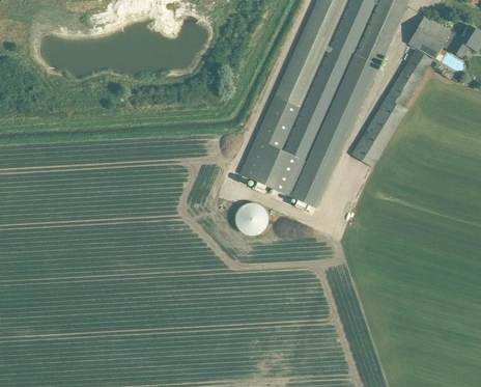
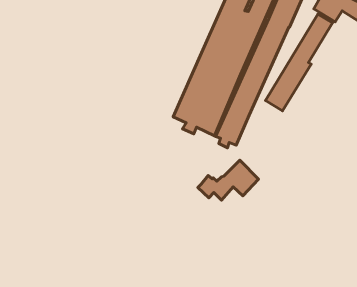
building: [234,202,267,236] -> none
building: none -> [198,160,259,200]

